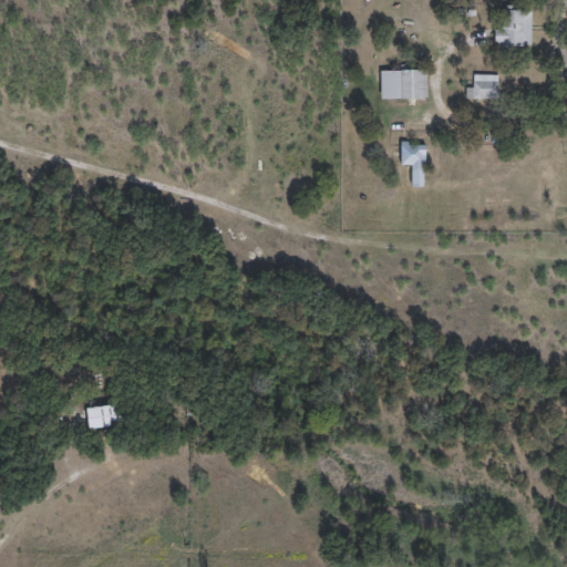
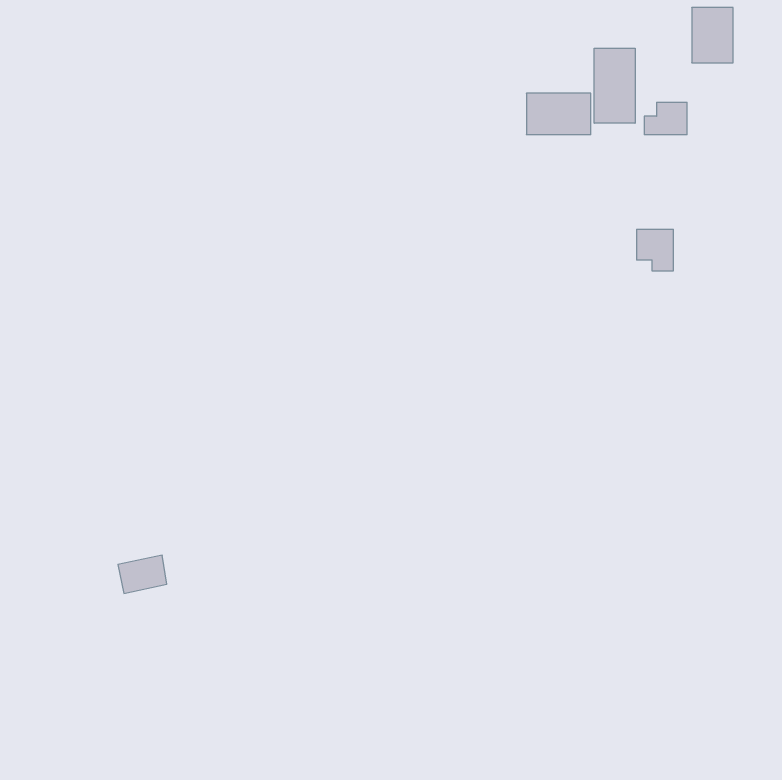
building: none -> [594,48,635,123]
building: [400,142,426,172] -> [637,229,673,271]

